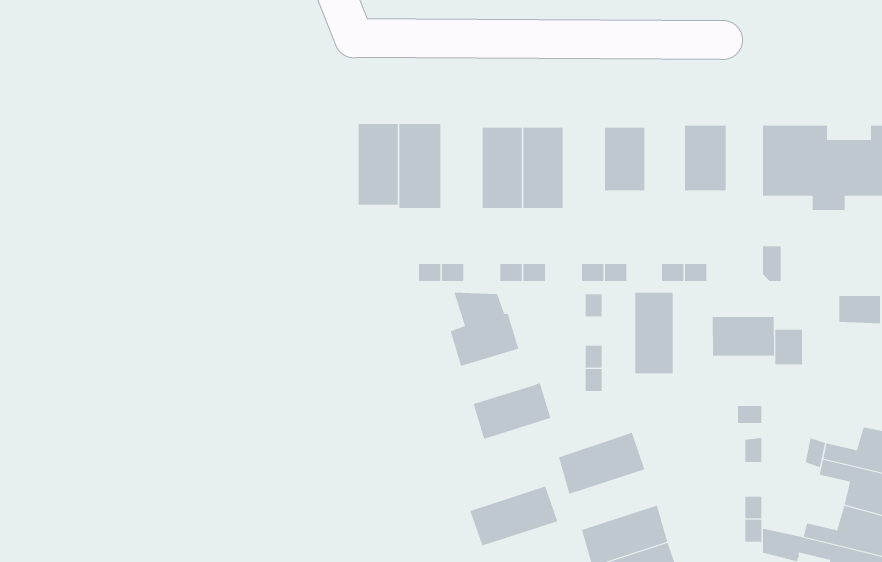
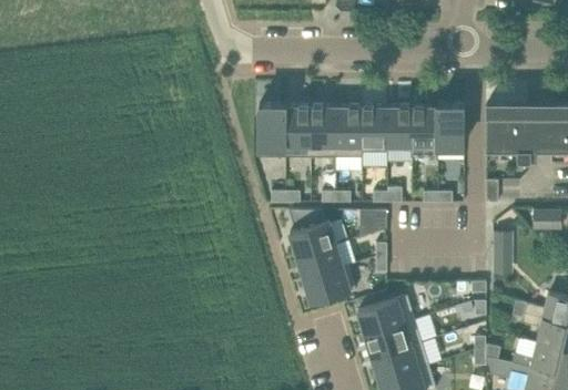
building: [358,120,398,205] -> [285,104,311,157]
building: none -> [362,106,387,152]
building: [635,290,674,374] -> [413,105,437,157]
building: [712,316,775,357] -> none
building: none -> [297,245,341,279]
building: [470,486,558,546] -> [365,320,420,358]

